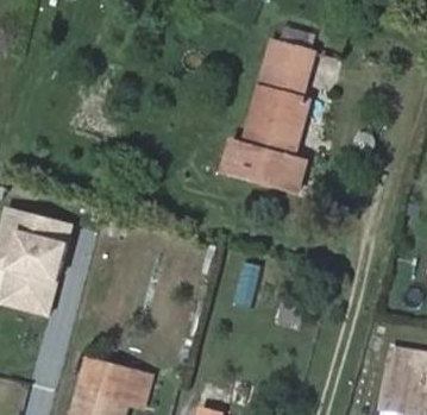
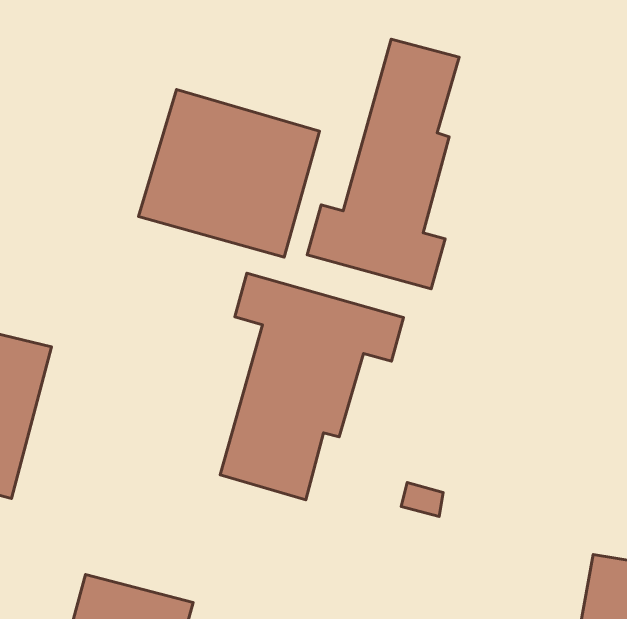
building: none -> [139,90,319,257]
building: none -> [220,273,404,500]

